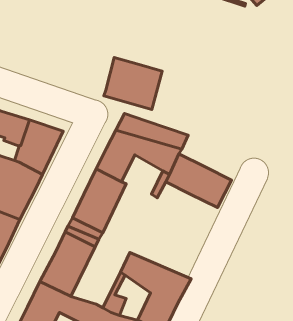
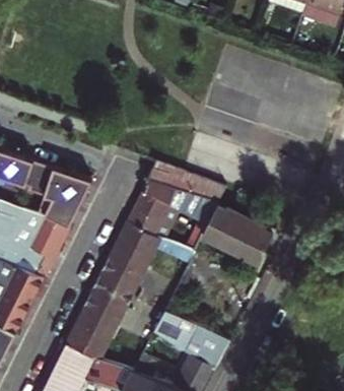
building: [104,57,162,109] -> none

